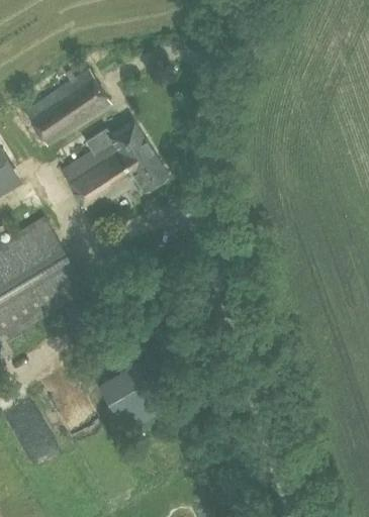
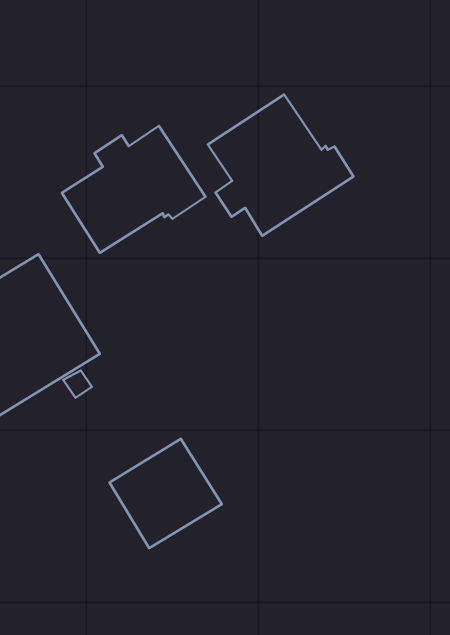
building: [23,70,112,147] -> none
building: none -> [208,94,353,236]

